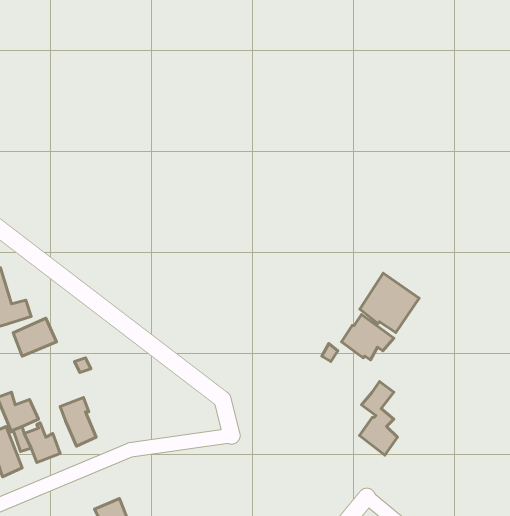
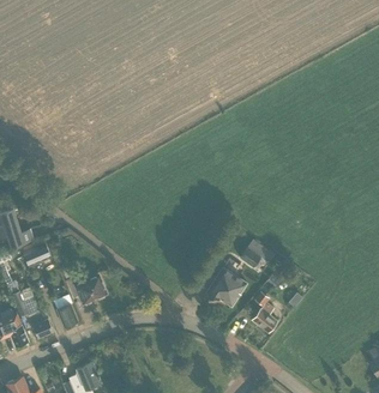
building: [360,273,419,332] -> [207,266,247,306]
building: none -> [67,274,106,302]

